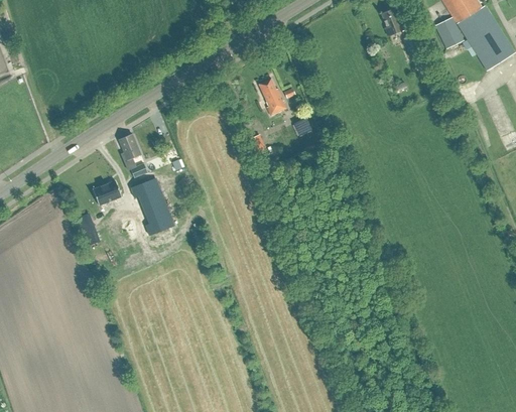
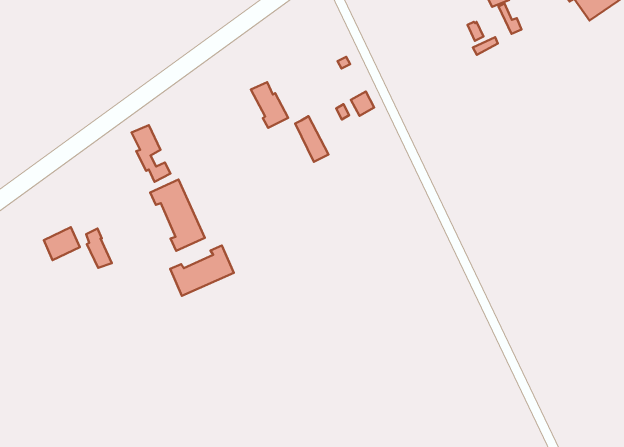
building: [259,79,287,115] -> [251,82,288,128]
building: [94,181,122,207] -> [44,227,80,260]
building: none -> [170,246,234,296]

